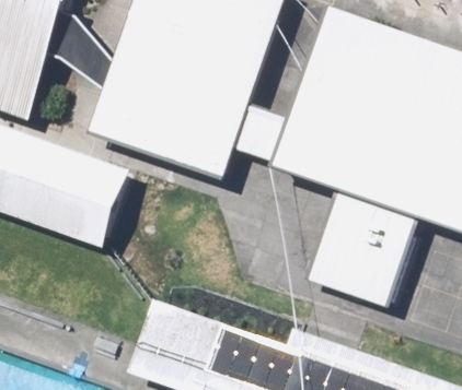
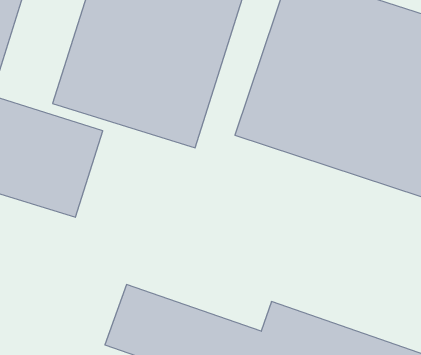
building: [300,200,419,315] -> none

